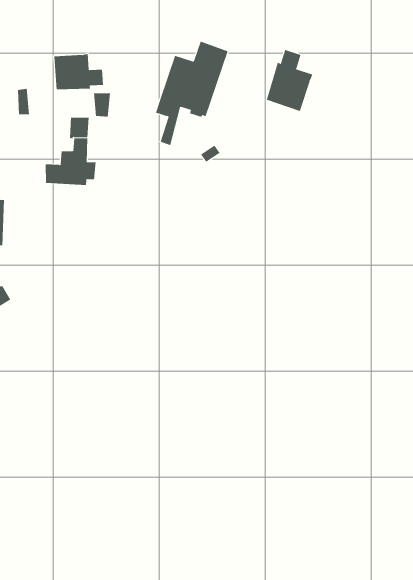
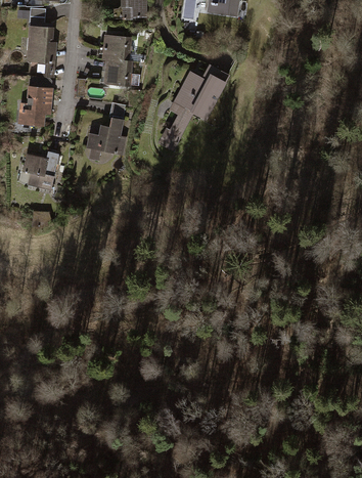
building: none -> [102,35,130,61]
building: [266,49,313,112] -> none

